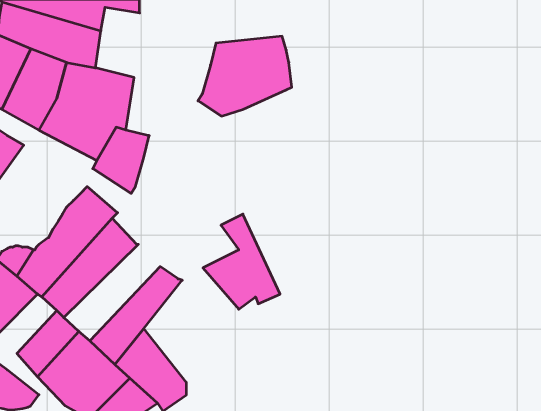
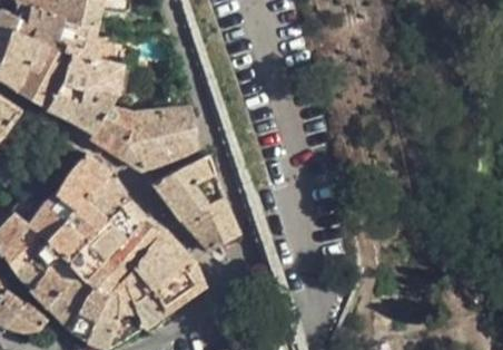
building: [198,36,292,116] -> [121,106,197,171]
building: none -> [152,156,211,218]
building: none -> [67,200,145,278]
building: none -> [131,229,203,311]

